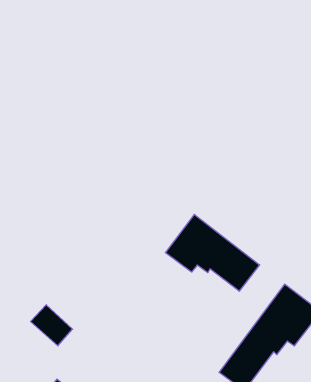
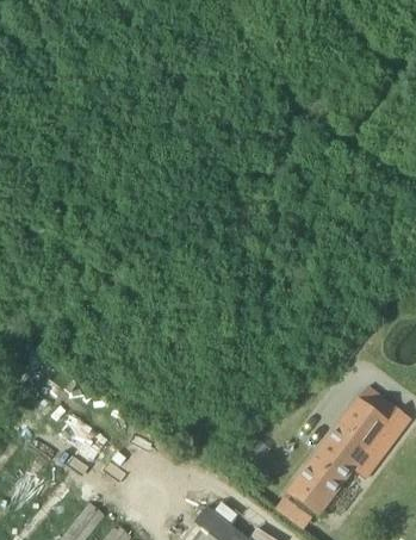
building: [165,214,260,291] -> none

